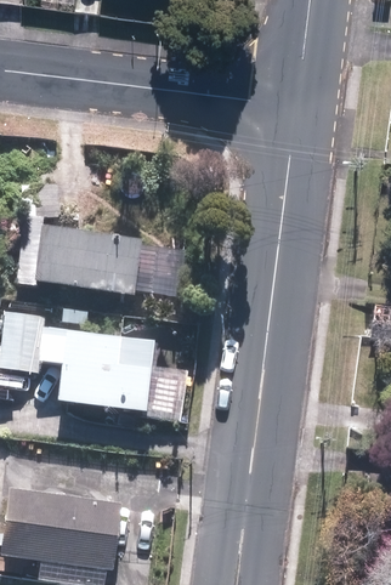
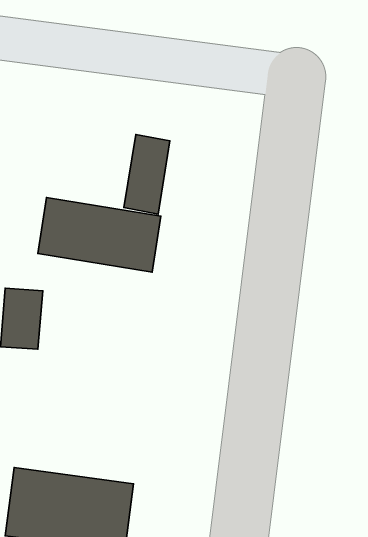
building: none -> [124,134,170,214]
building: [58,323,194,413] -> none

